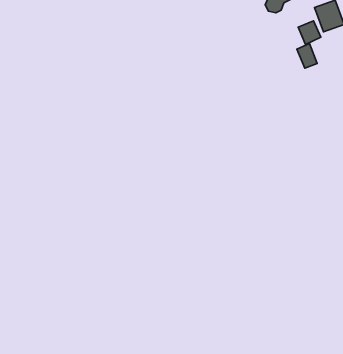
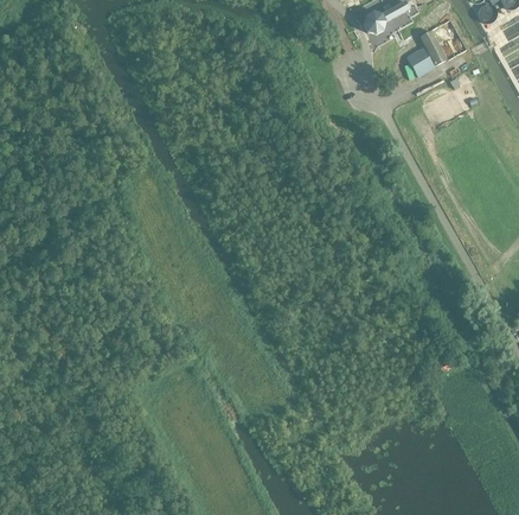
building: [297,44,317,68] -> none

